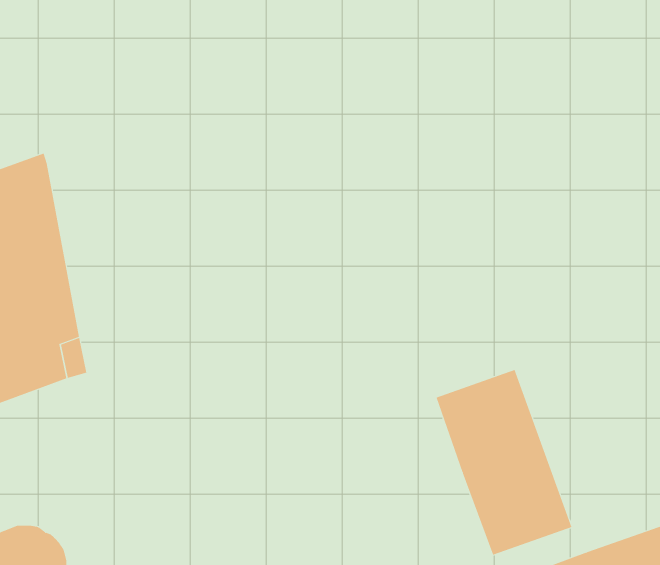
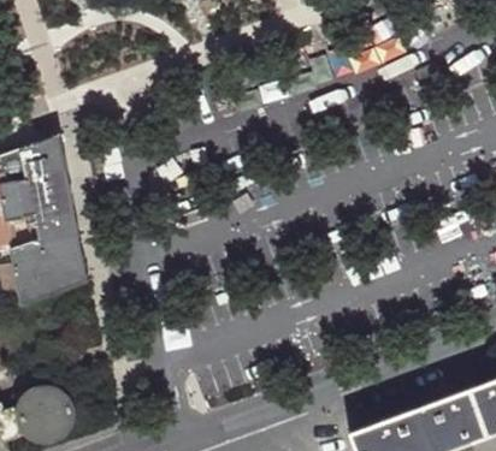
building: [436,369,572,556] -> none

